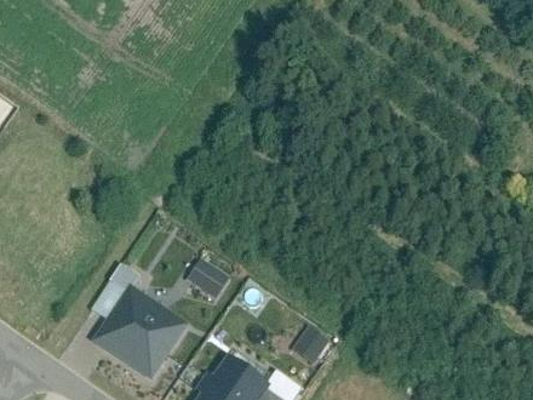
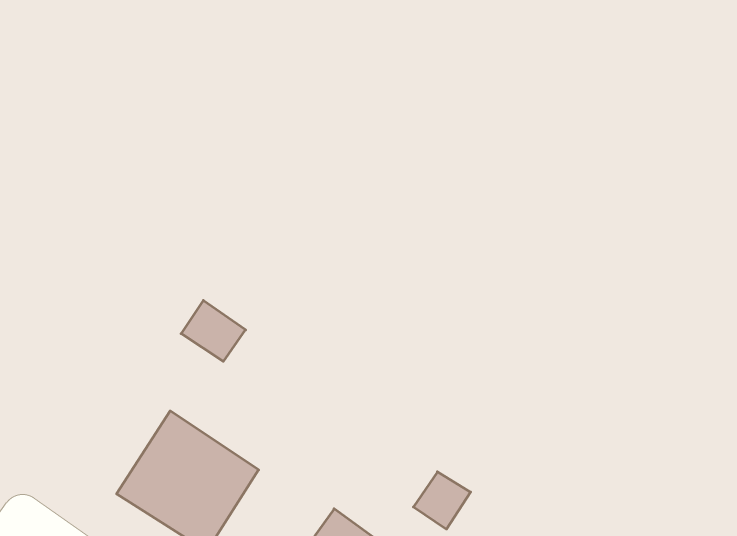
building: [182,255,224,295] -> [181,300,246,361]

